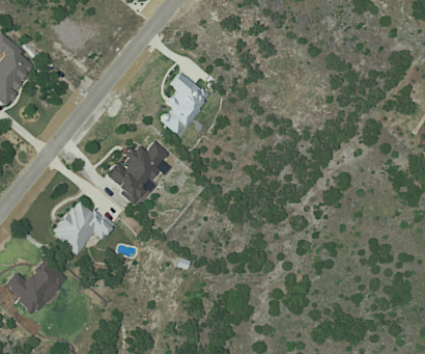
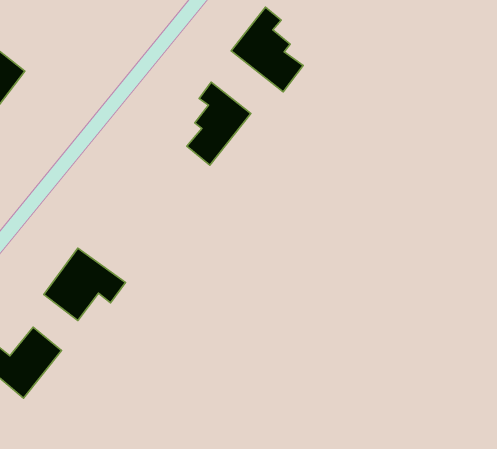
building: none -> [231,7,303,92]
building: [105,141,168,202] -> none

